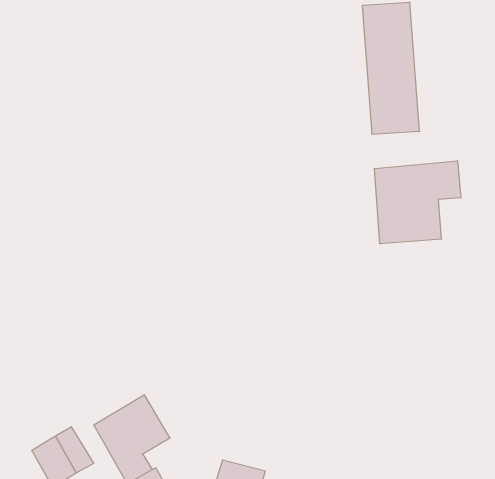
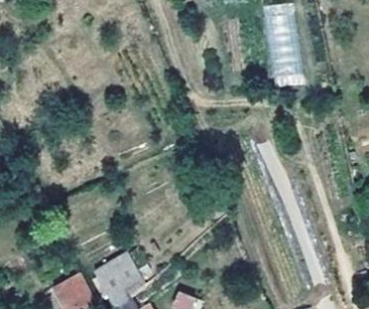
building: [374,161,461,244] -> none

